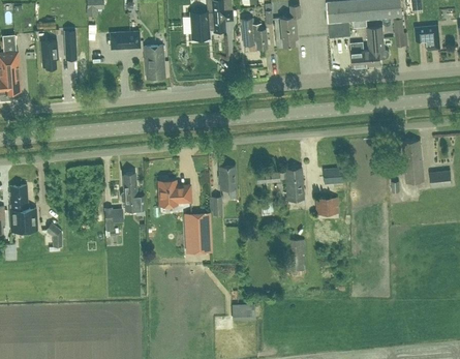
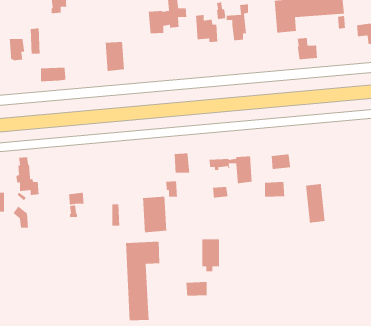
building: [367,27,389,65] -> none
building: [111,33,139,50] -> [40,67,66,82]
building: [402,141,424,184] -> [305,183,325,224]
building: [120,173,146,215] -> [15,156,39,196]
building: [157,178,190,207] -> none
building: [284,240,304,276] -> [202,238,220,272]
building: none -> [125,241,160,321]

